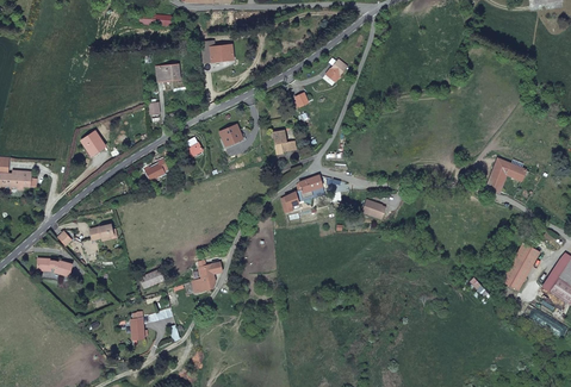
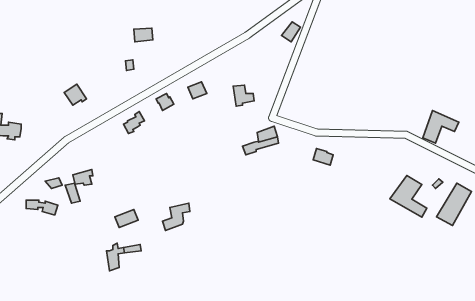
building: [199,43,236,64] -> none
building: none -> [390,175,427,217]

